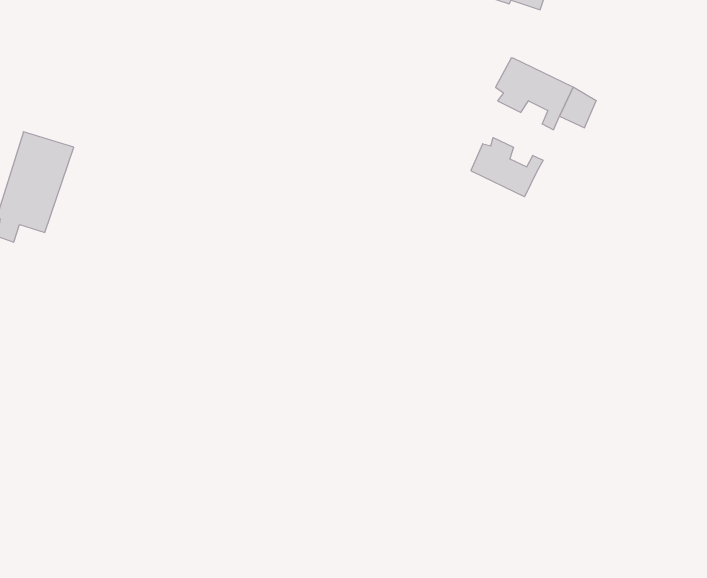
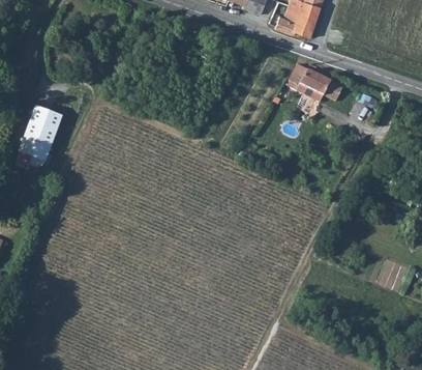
building: [471,138,543,197] -> none

